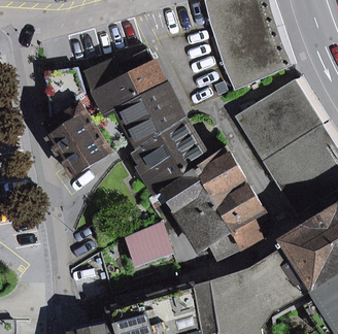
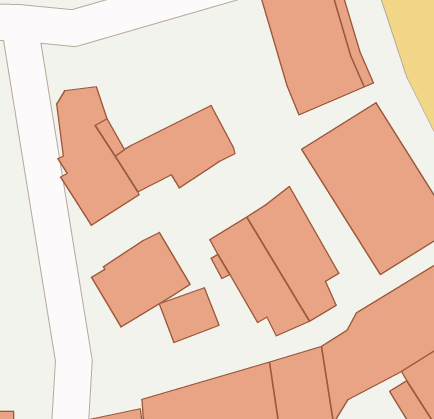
building: [87,48,165,113] -> none
building: [131,120,207,193] -> [91,232,190,327]

